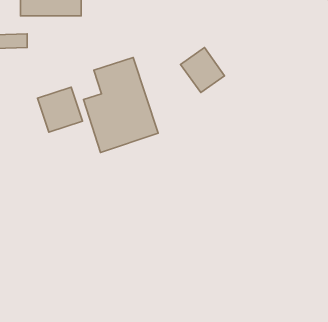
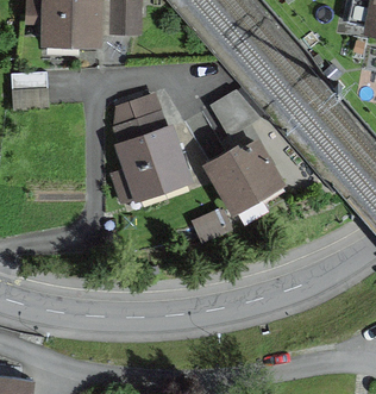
building: [38,87,82,132] -> none
building: none -> [187,135,274,239]

